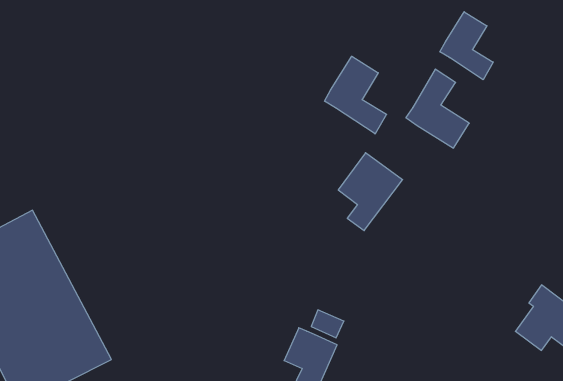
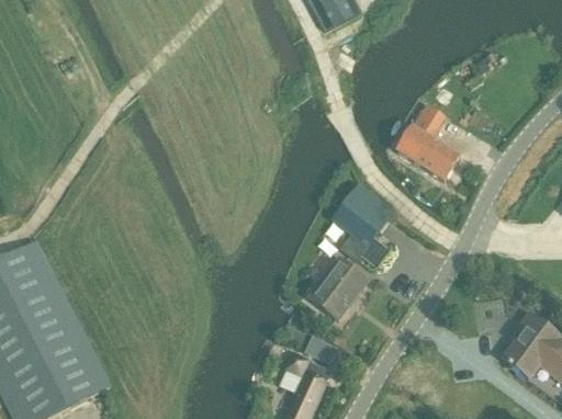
building: [440,12,493,80] -> none
building: [325,56,387,134] -> none
building: none -> [308,257,369,319]

